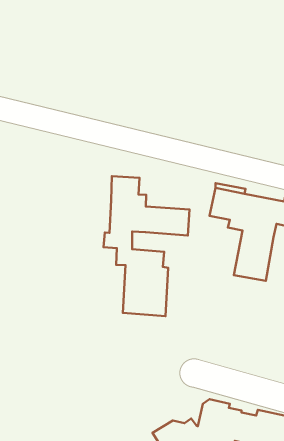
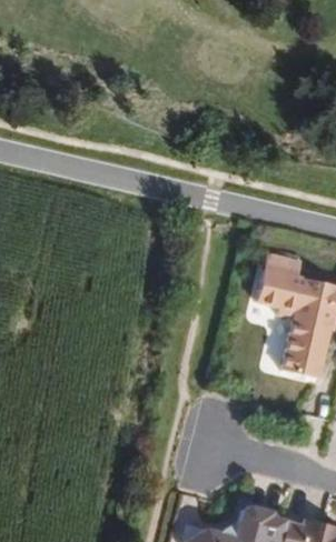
building: [104,176,189,316] -> none

